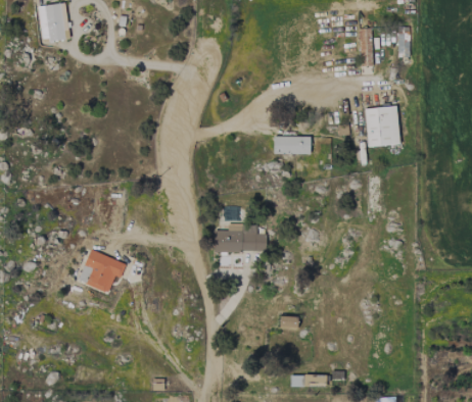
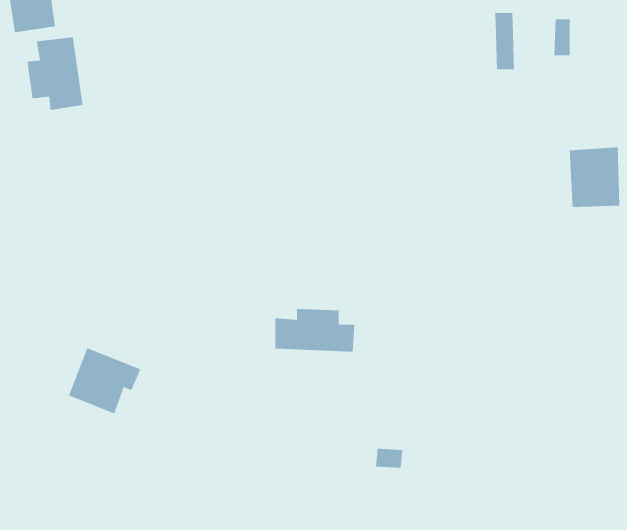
building: none -> [27,36,83,111]
building: [366,106,399,146] -> [569,147,620,207]
building: [274,136,312,154] -> none

